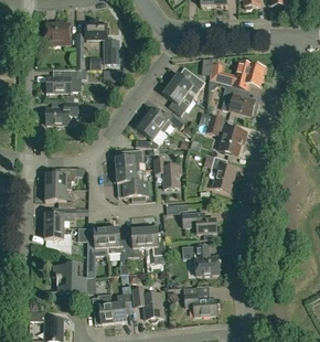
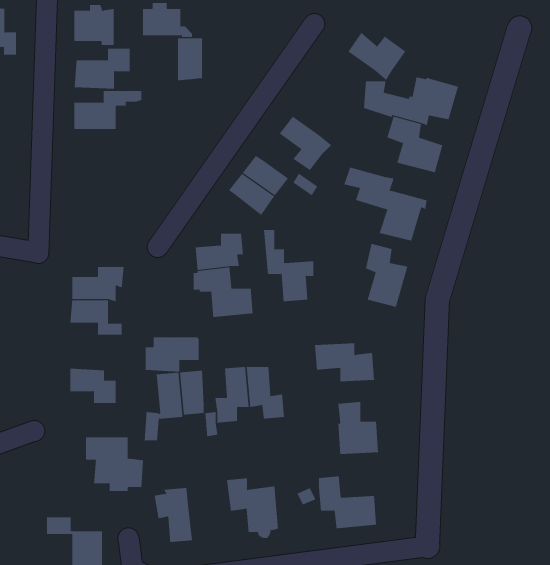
building: [170,72,203,99] -> [347,32,406,81]
building: [45,100,77,124] -> [74,48,131,89]
building: [44,206,75,226] -> [145,337,200,372]
building: [111,285,131,322] -> none

